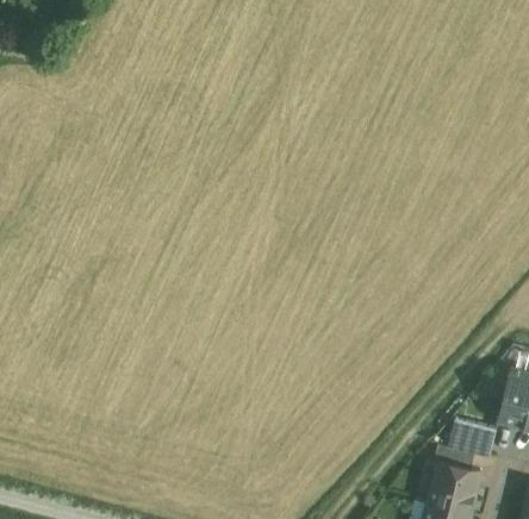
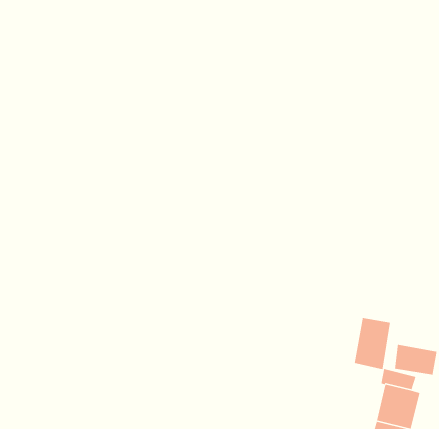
building: none -> [354,317,391,370]

